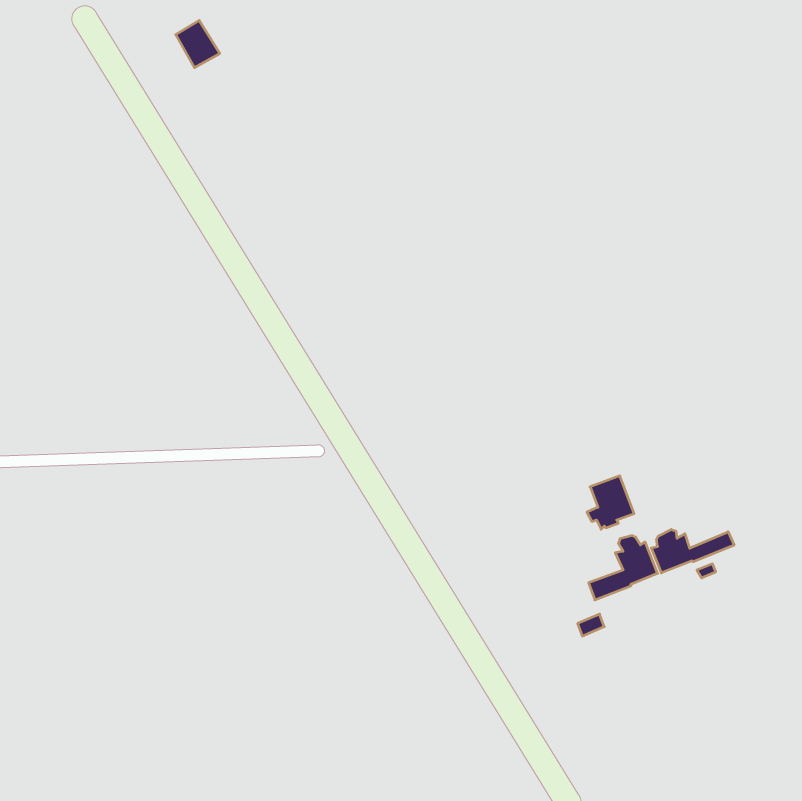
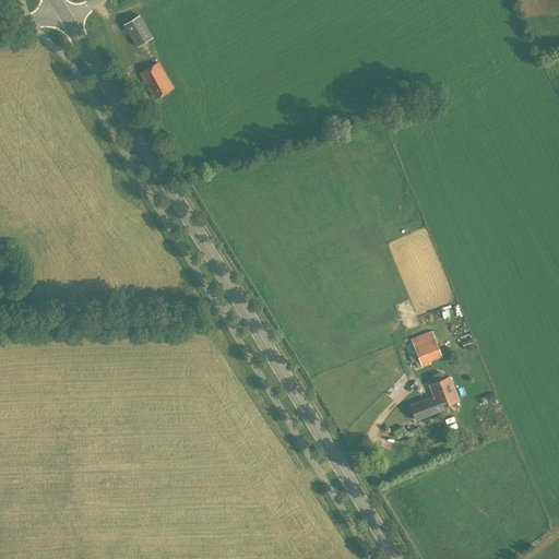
building: none -> [139,63,174,100]
building: [651,529,734,573] -> none

